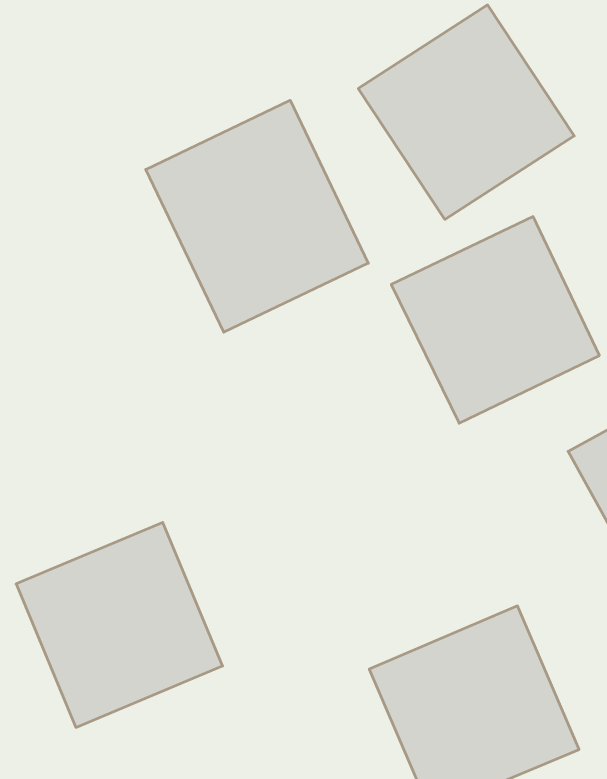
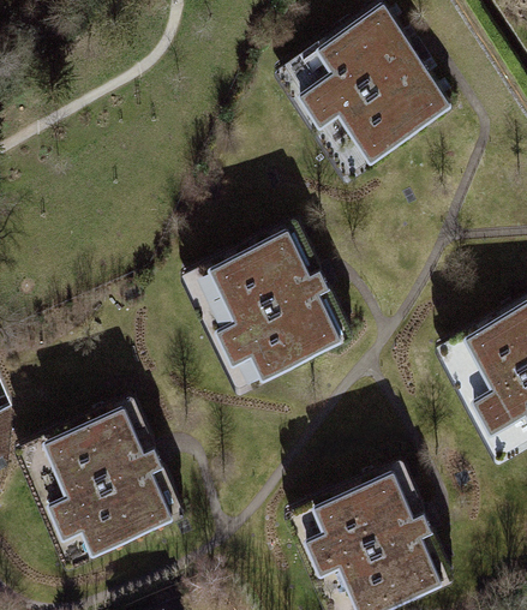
building: [146,100,368,332] -> none
building: [391,217,599,423] -> [191,228,349,385]

